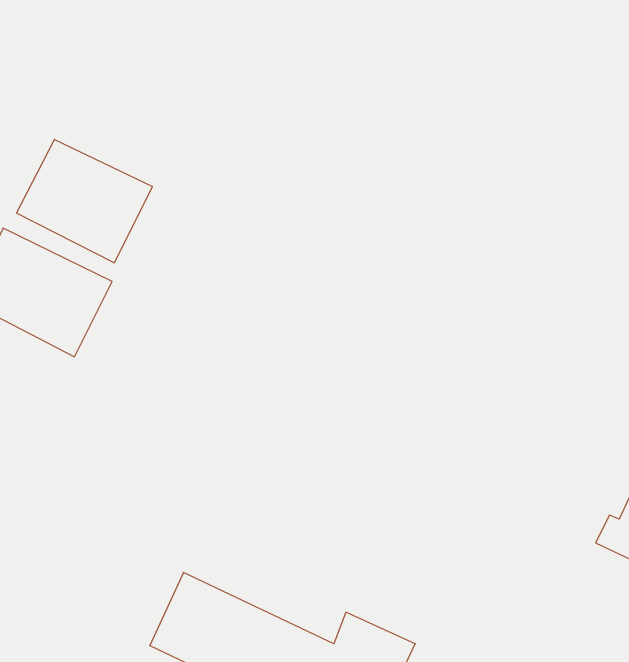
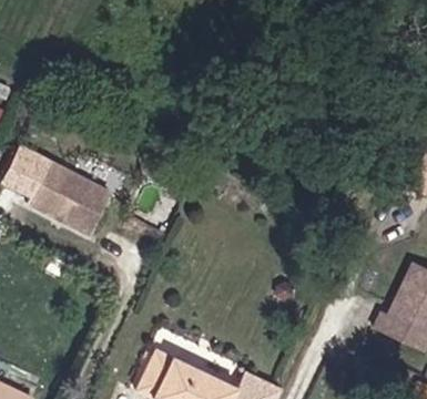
building: [17,139,152,263] -> none

